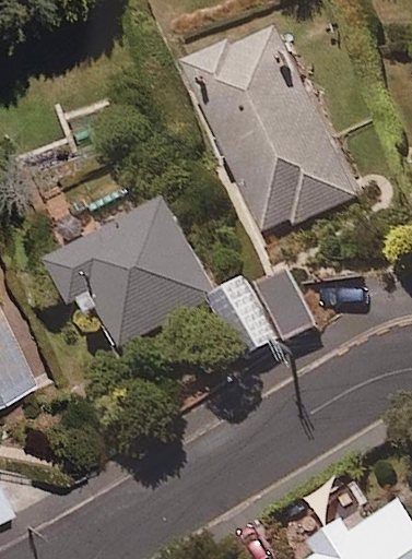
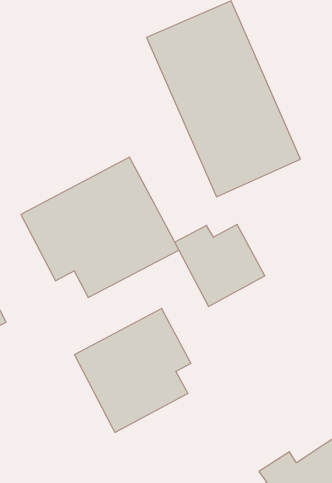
building: none -> [74,308,191,432]

